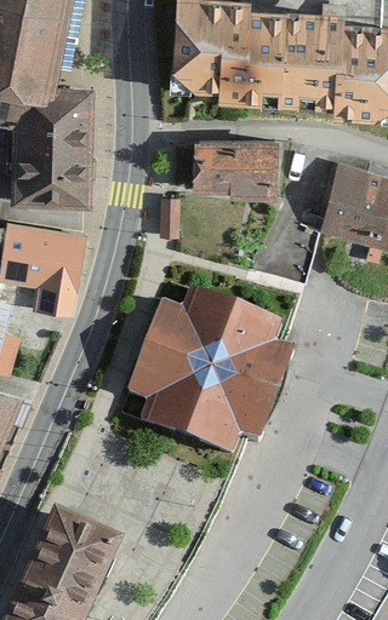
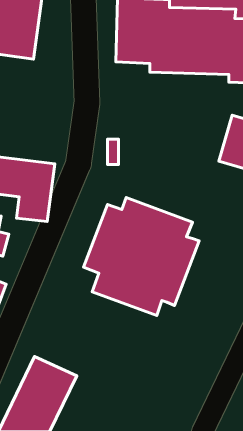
building: [12,94,91,205] -> none
building: [192,143,281,202] -> none

